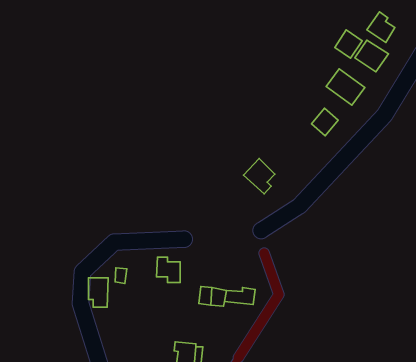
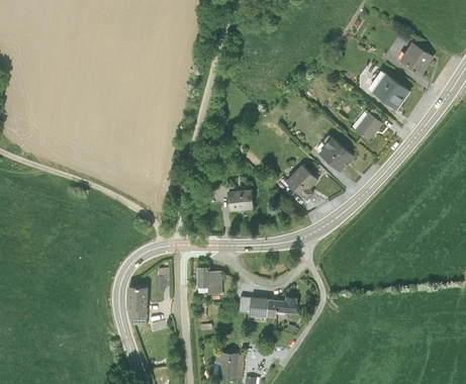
building: [367,12,395,42] -> none
building: [335,30,362,58] -> none
building: none -> [317,135,354,174]
building: none -> [228,190,255,211]

